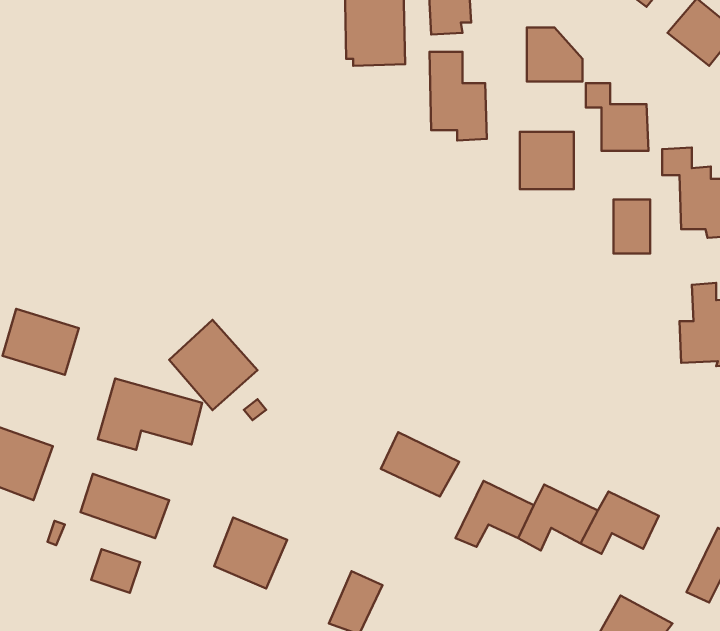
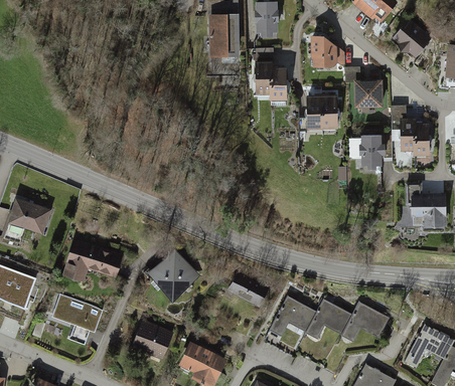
building: [169,320,258,410] -> [149,247,200,300]
building: [91,549,140,593] -> none
building: none -> [180,342,209,380]

